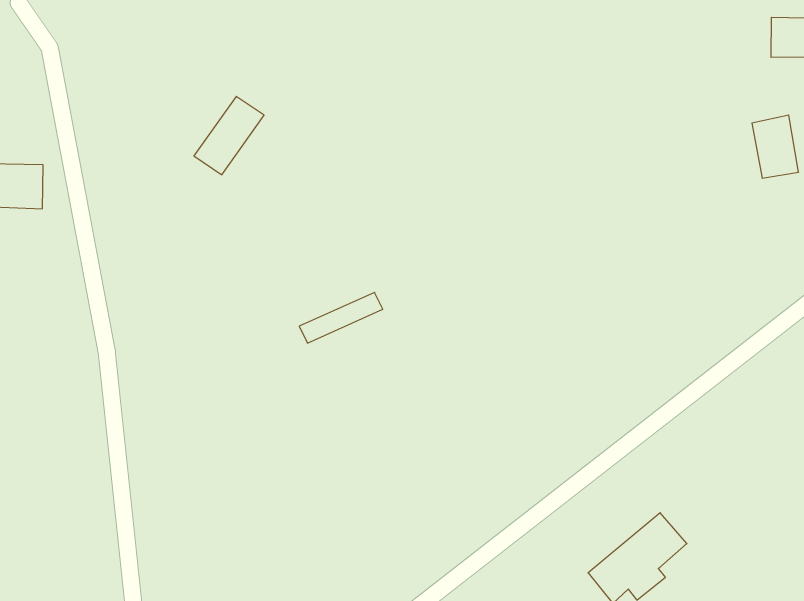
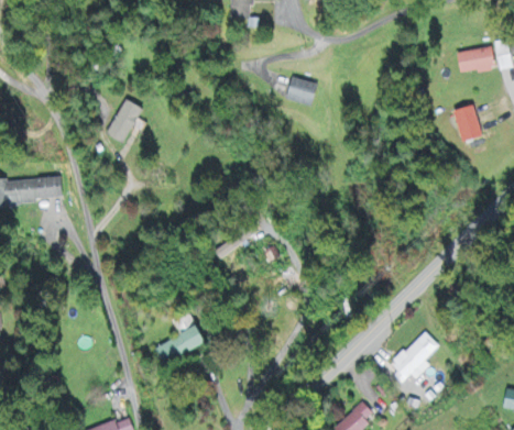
building: none -> [286,78,315,103]
building: [194,96,264,175] -> [107,99,143,143]
building: none -> [154,328,200,361]

